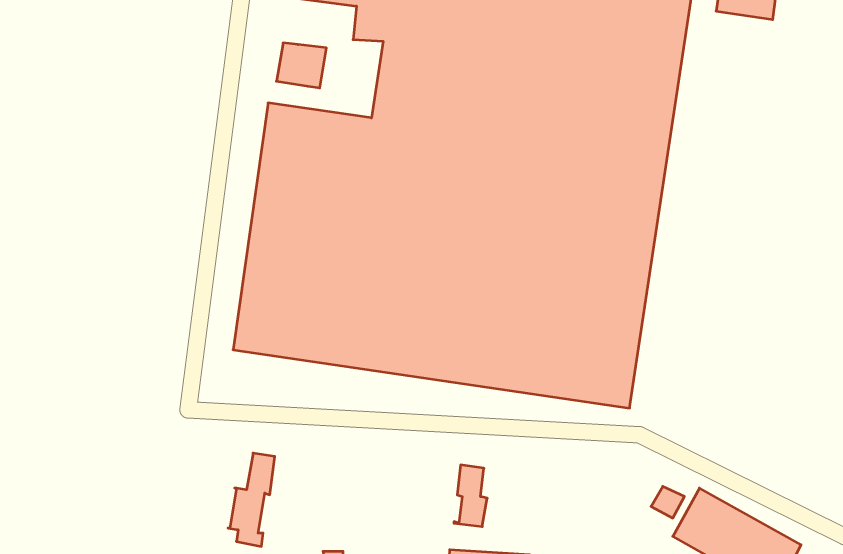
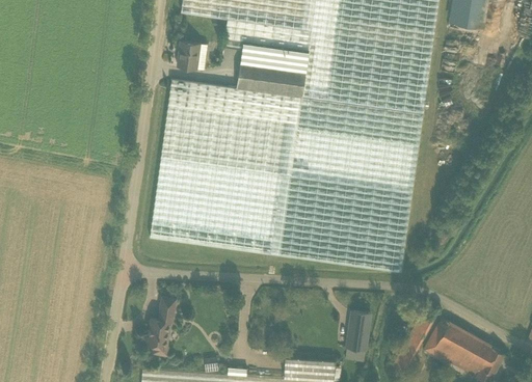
building: [454,465,487,527] -> [347,311,368,350]

